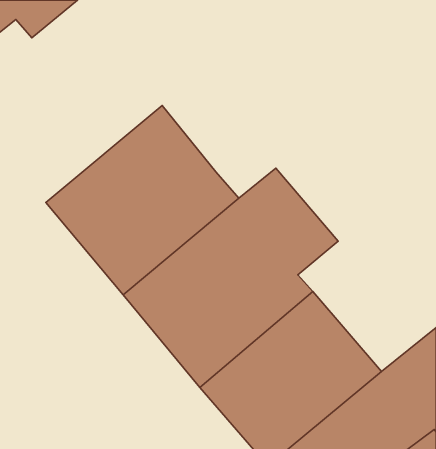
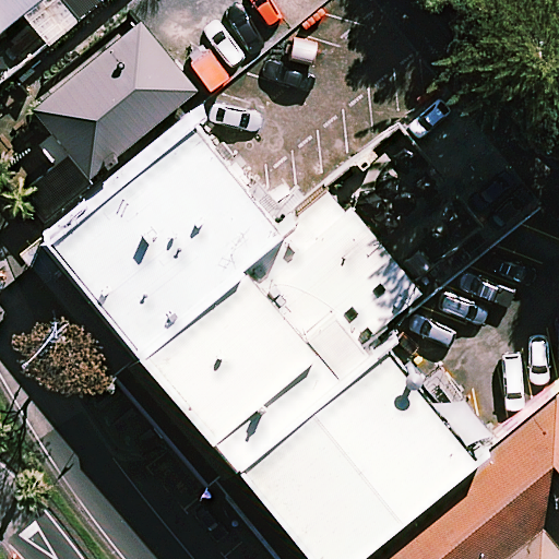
building: none -> [26,25,192,183]

